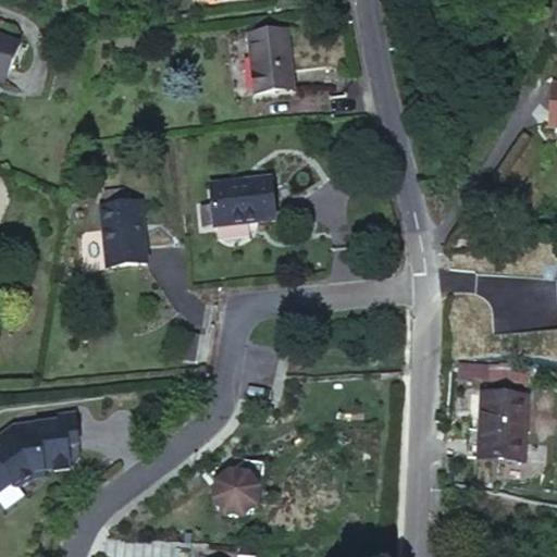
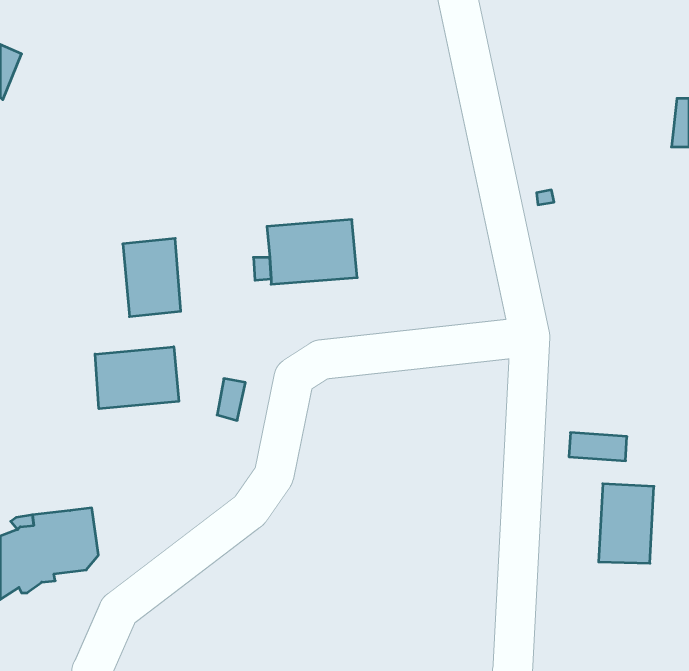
building: [246,35,294,101] -> none
building: none -> [95,347,179,409]
building: [211,465,268,519] -> none

